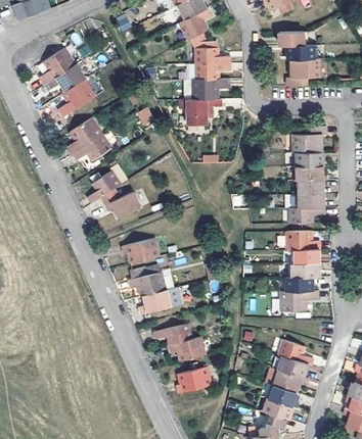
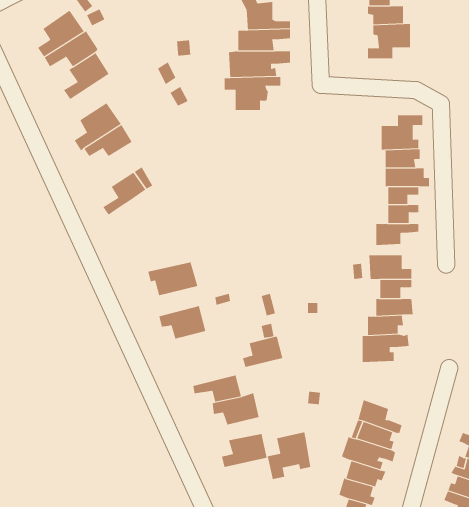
building: [100,190,140,216] -> none
building: [139,289,170,312] -> [242,336,283,368]
building: none -> [267,432,311,480]

